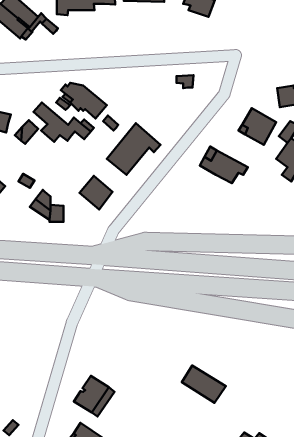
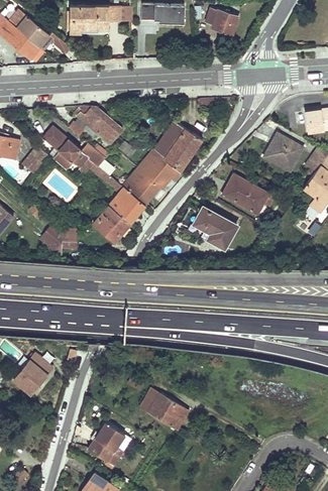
building: none -> [153,122,202,172]
building: none -> [83,158,143,223]
building: none -> [193,207,236,248]
building: none -> [13,354,50,393]
building: [182,365,226,403] -> [140,388,188,428]

